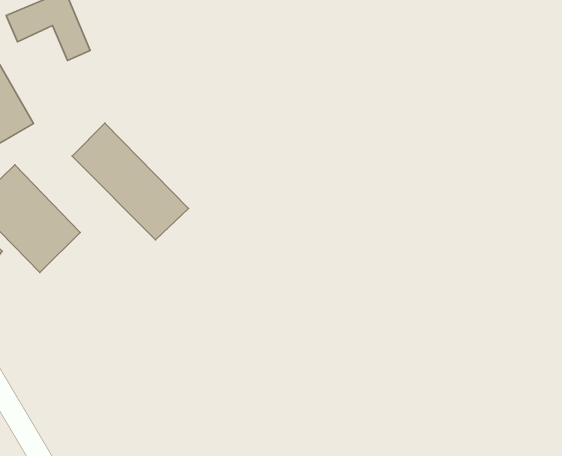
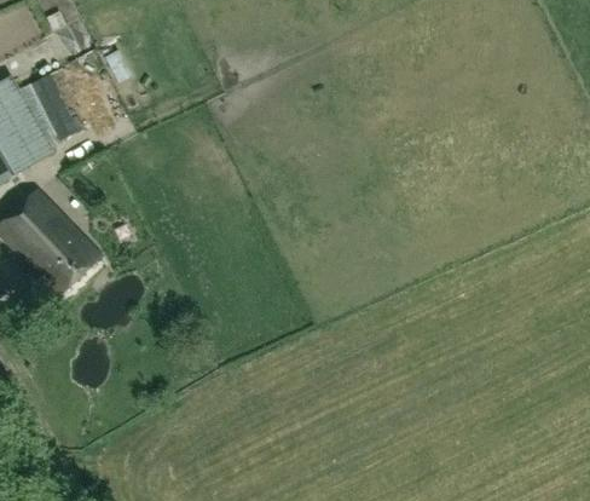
building: none -> [34,70,81,137]
building: [72,123,189,240] -> none

